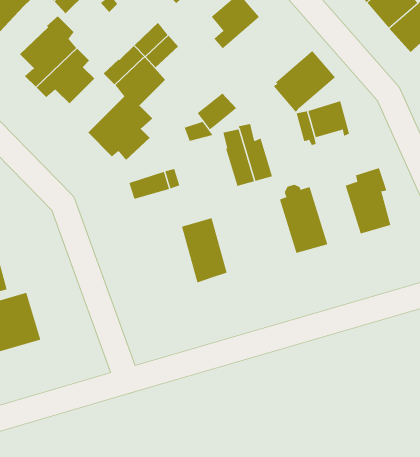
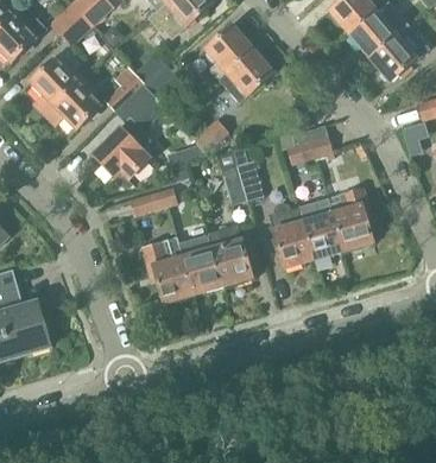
building: [273,50,336,113] -> [215,47,273,106]
building: none -> [298,196,345,258]
building: none -> [208,224,252,284]
building: none -> [143,236,194,302]

